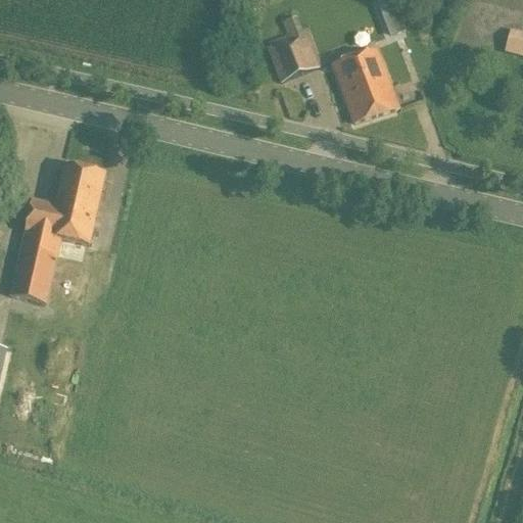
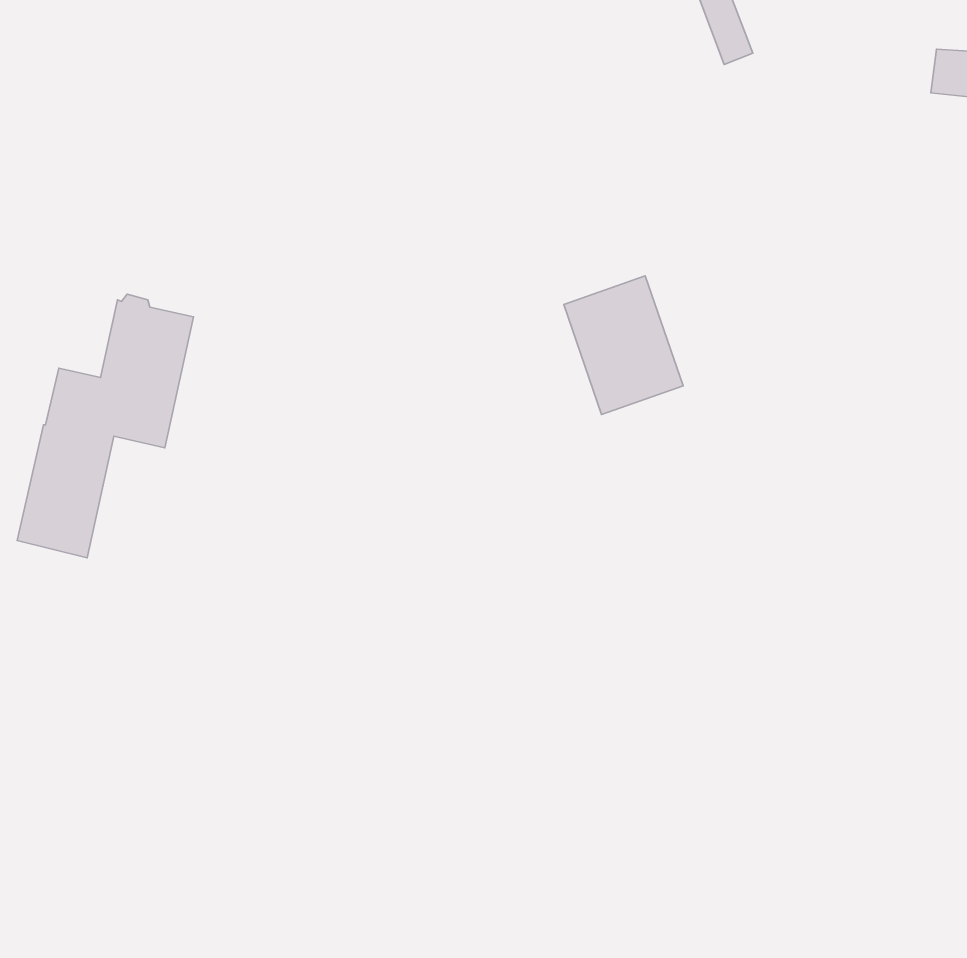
building: [269,29,319,79] -> none
building: [334,46,398,121] -> [564,276,683,414]

